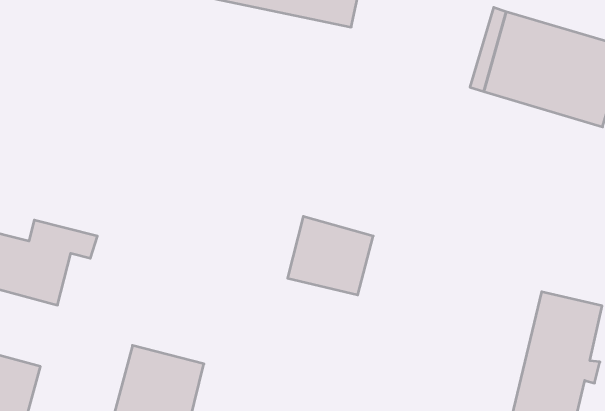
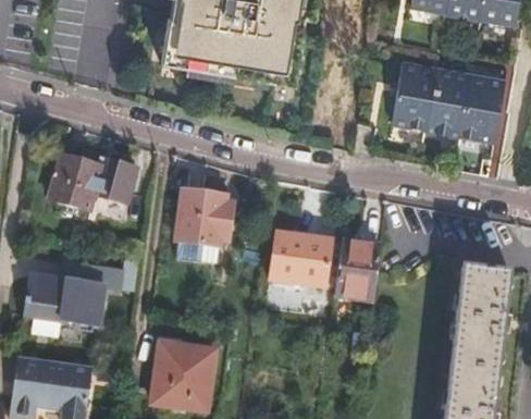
building: none -> [49,156,136,218]
building: none -> [176,190,235,261]
building: none -> [334,242,381,300]

